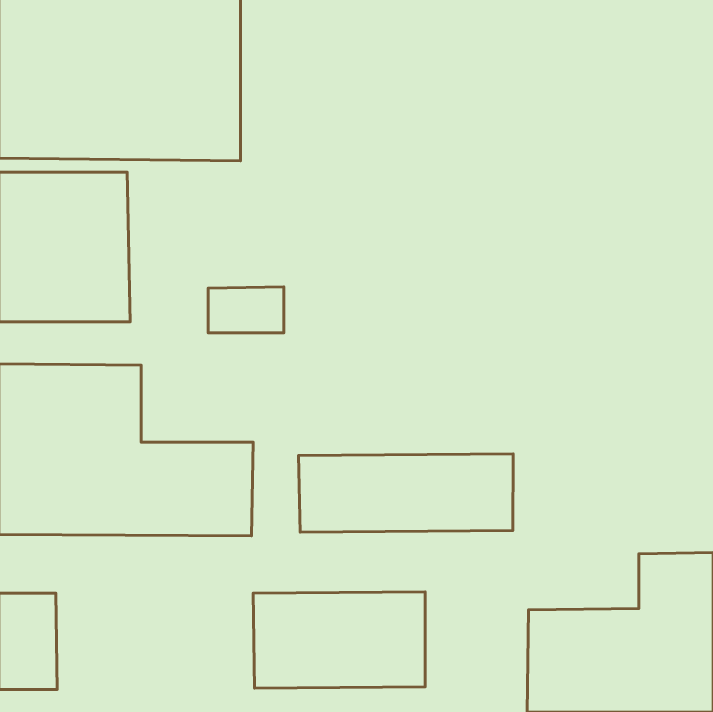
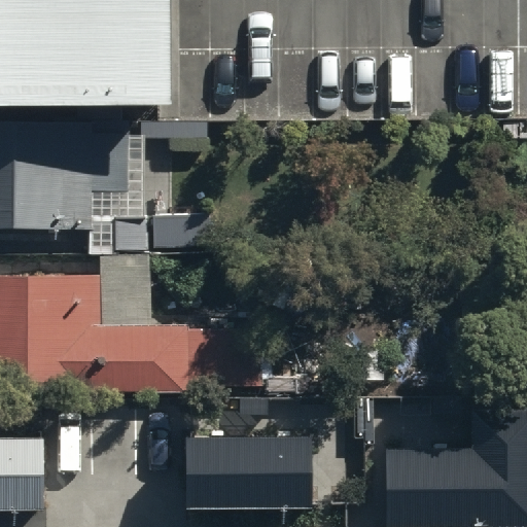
building: [299,454,513,532] -> none

